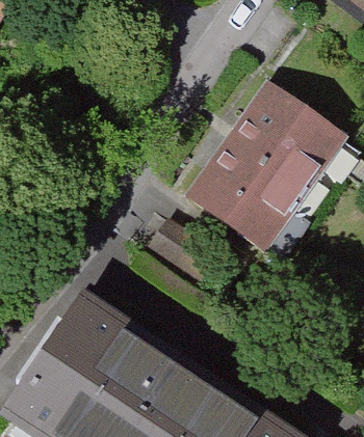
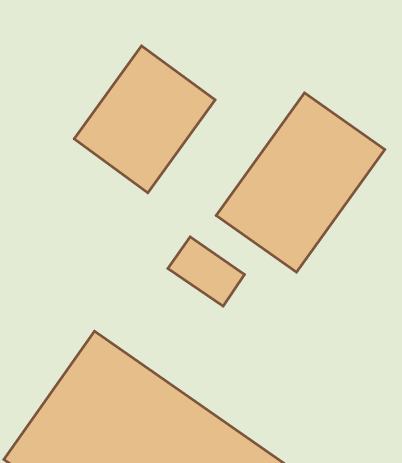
building: none -> [74,46,215,193]

